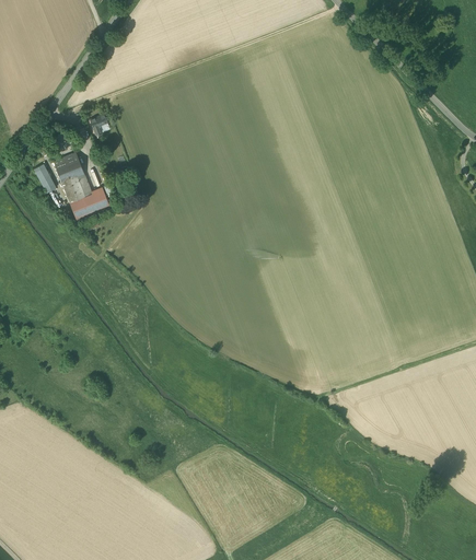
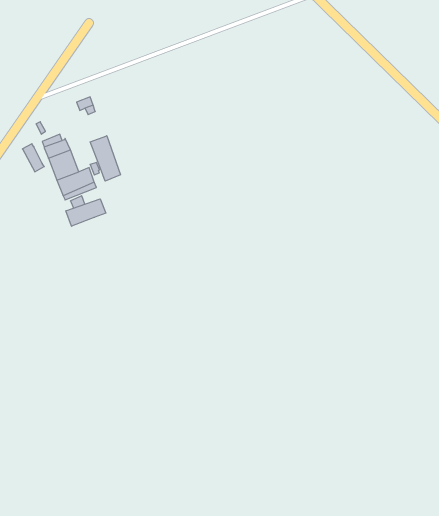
building: none -> [90,136,120,181]
building: none -> [66,199,106,226]

